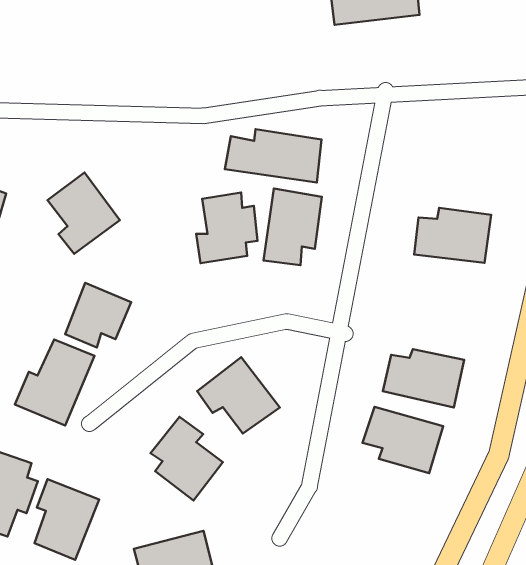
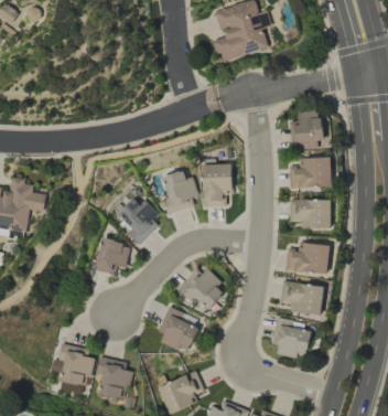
building: [225,129,322,183] -> none
building: none -> [290,111,322,150]
building: [47,172,120,254] -> [116,195,160,244]
building: none -> [289,200,331,230]
building: [15,339,95,426] -> none
building: none -> [271,318,311,359]

